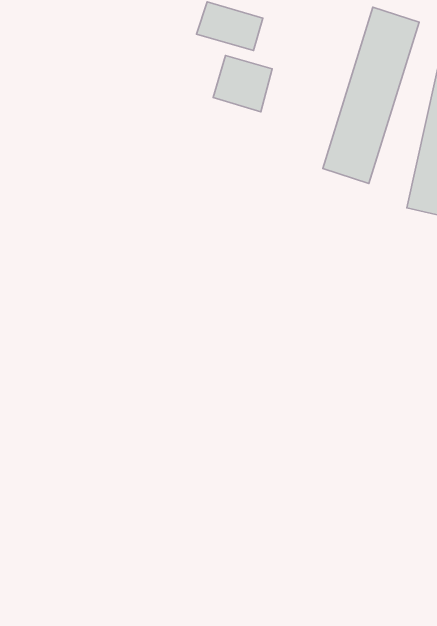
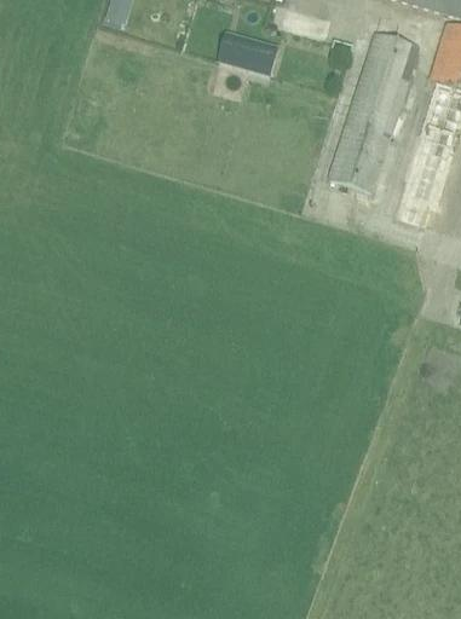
building: [213,55,272,112] -> none

